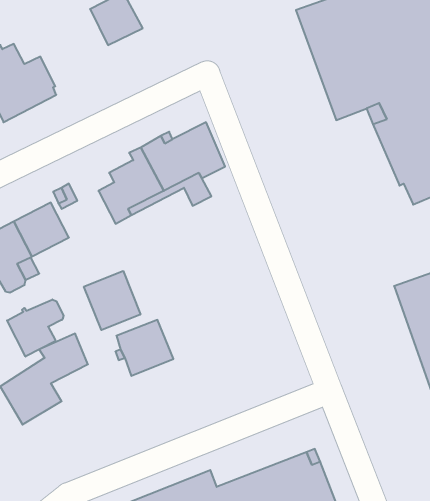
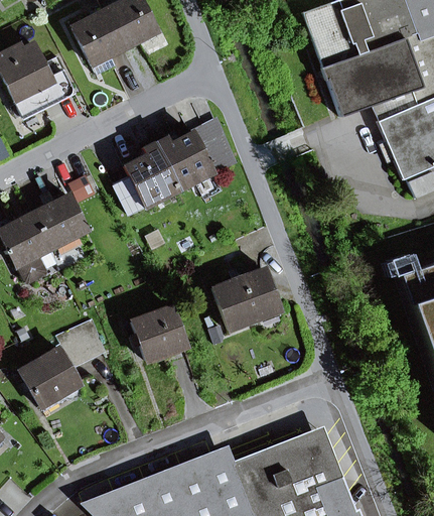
building: none -> [73,10,124,74]
building: [84,271,140,330] -> none
building: none -> [213,268,281,329]
building: [7,299,64,357] -> none

